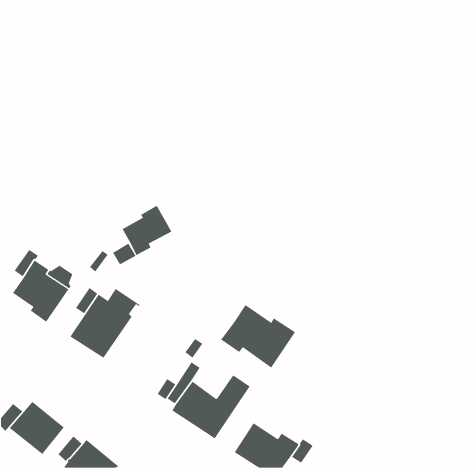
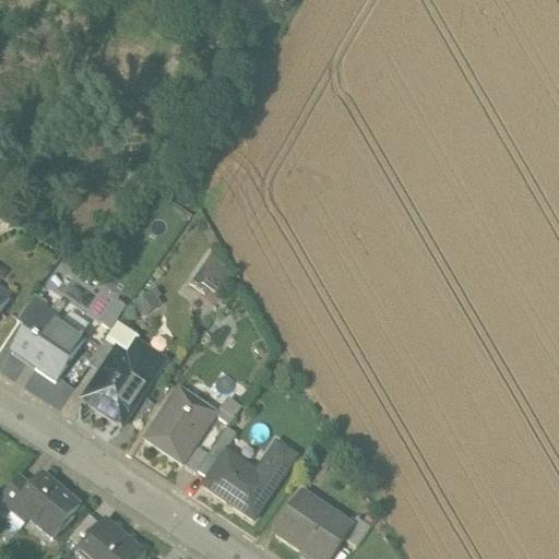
building: [122,205,172,256] -> none
building: [220,304,296,369] -> none
building: none -> [144,388,210,461]

